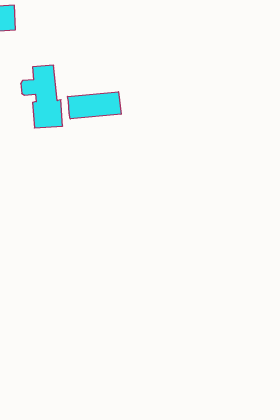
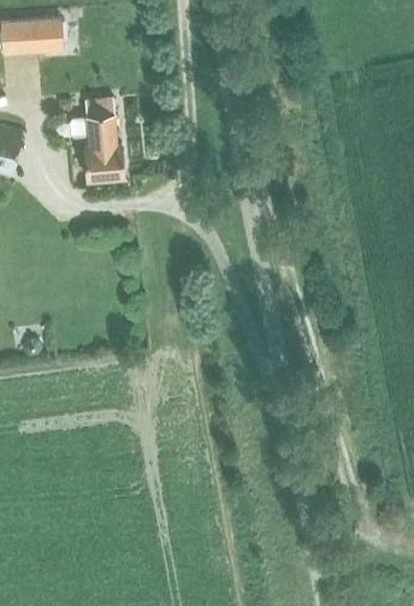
building: [68,92,121,119] -> none

